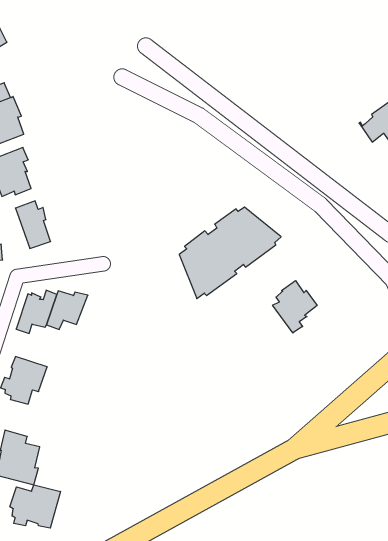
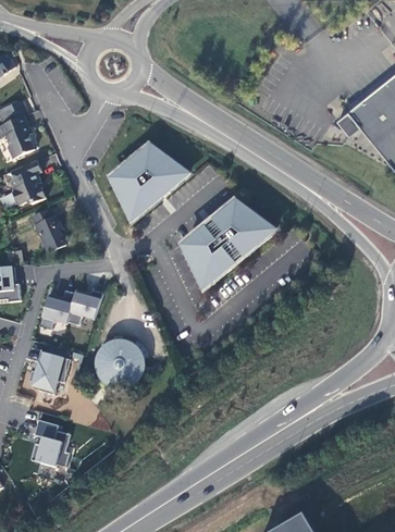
building: none -> [110,146,188,220]
building: [273,281,317,333] -> none
building: none -> [97,341,143,386]
building: [10,485,60,528] -> none

